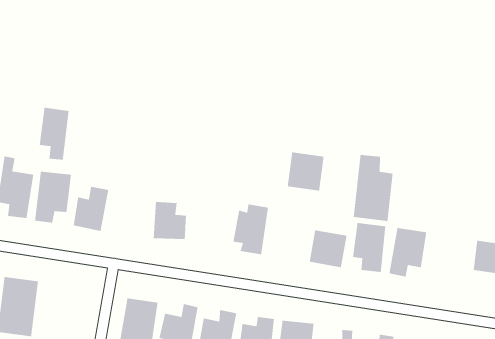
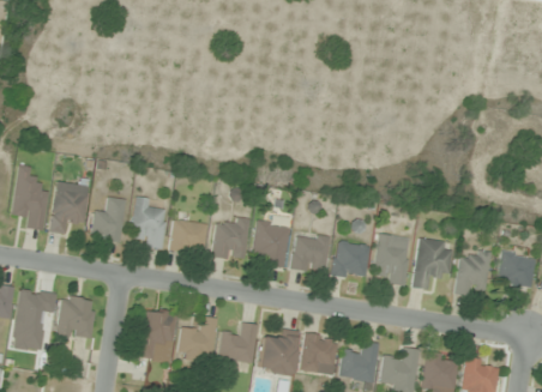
building: [39,107,69,161] -> none
building: [287,152,324,191] -> [291,233,330,273]
building: [353,154,394,222] -> none
building: none -> [132,198,167,248]
building: none -> [212,218,249,261]
building: none -> [459,252,489,294]
building: none -> [58,296,96,339]

